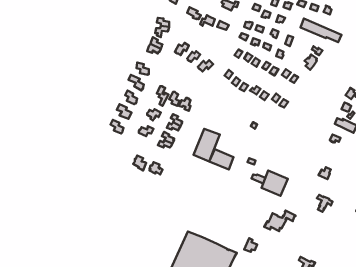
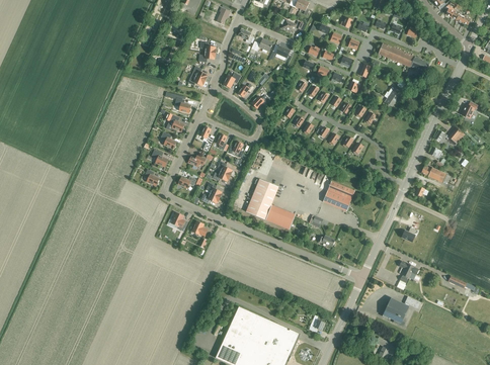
building: [262,171,288,196] -> [323,180,355,211]
building: [264,211,295,231] -> [382,295,420,321]

